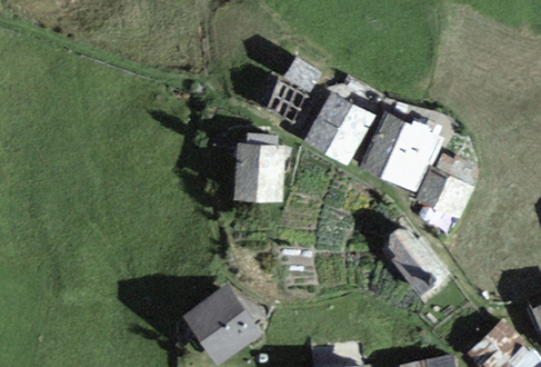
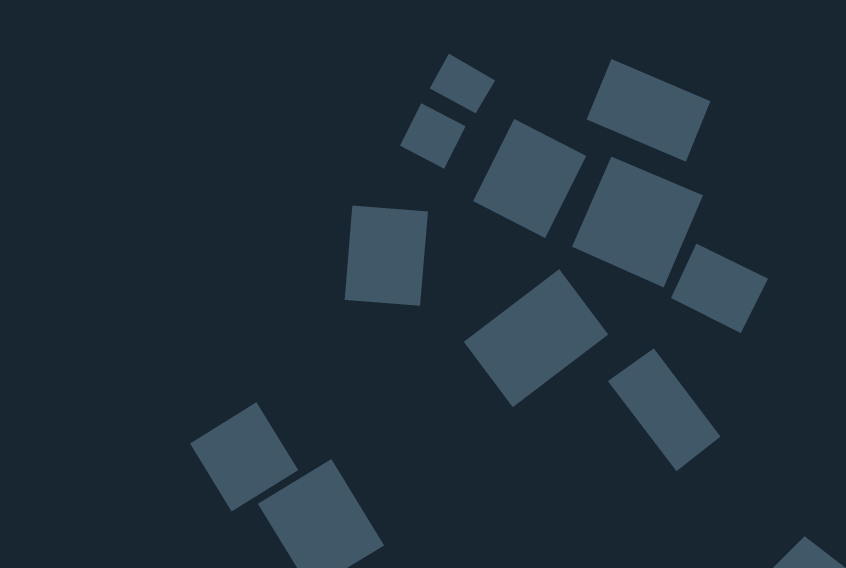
building: none -> [586,58,711,163]
building: none -> [463,268,609,408]
building: none -> [189,401,299,512]

